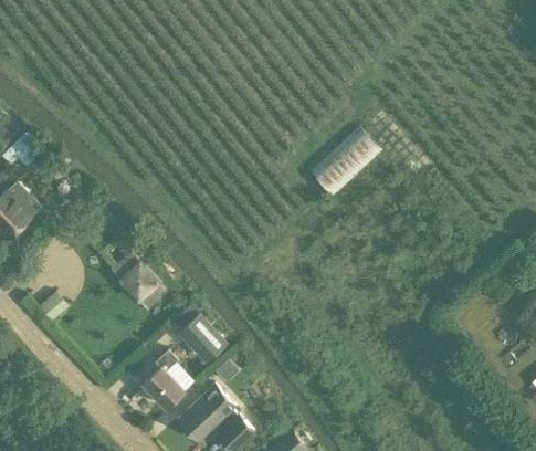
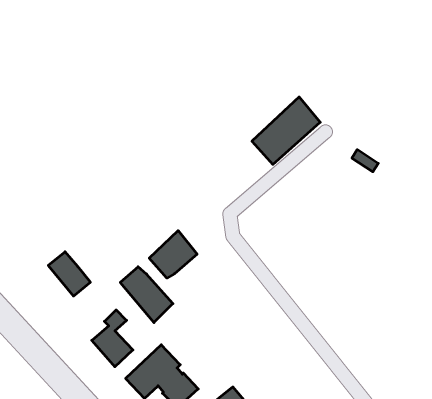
building: [116,260,160,306] -> [48,252,90,296]
building: none -> [149,231,197,278]

